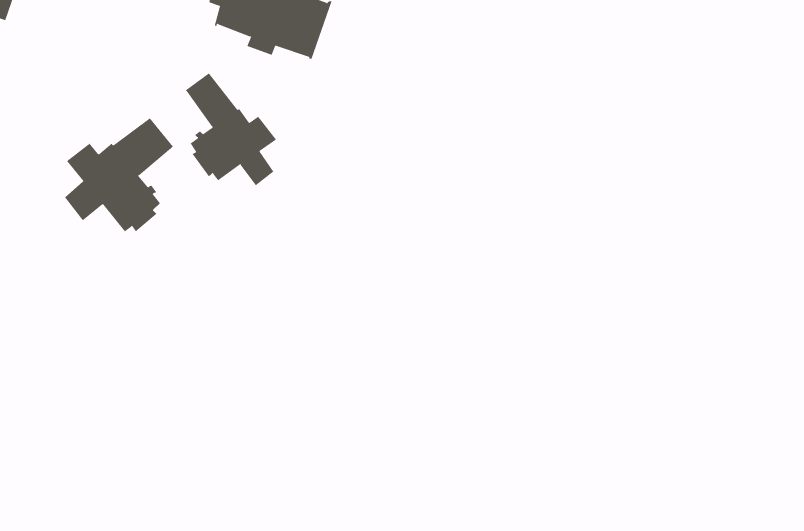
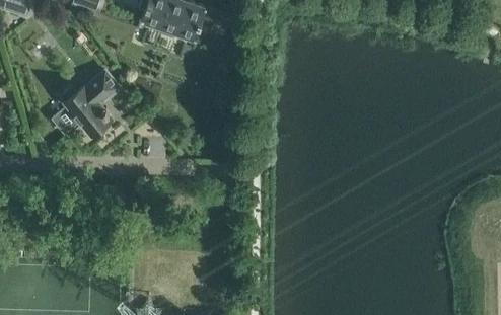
building: [185,73,277,186] -> none

